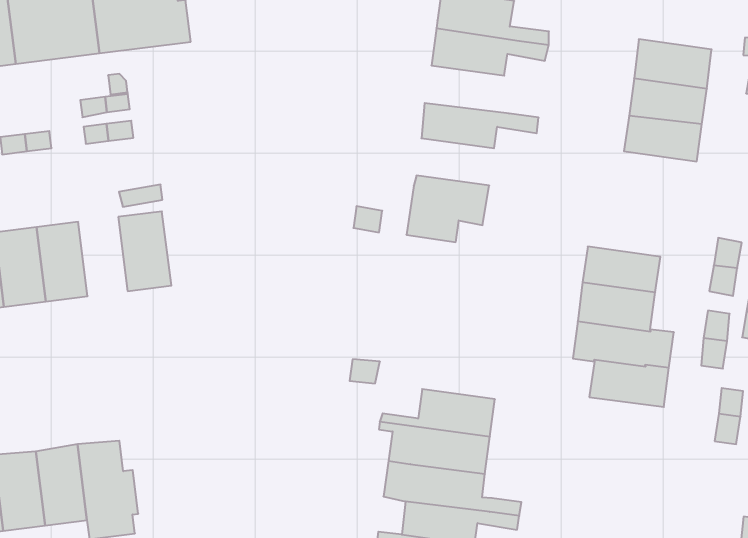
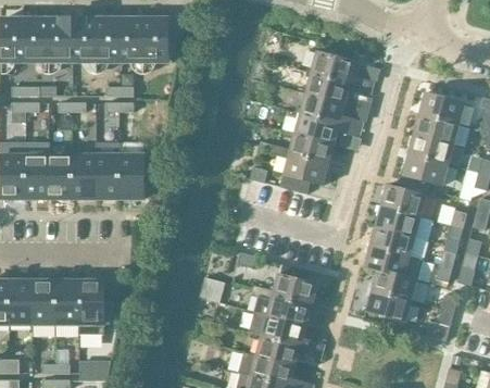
building: none -> [299,92,364,129]
building: none -> [267,133,335,164]
building: none -> [402,154,448,187]
building: none -> [96,143,118,198]
building: none -> [380,185,426,216]
building: none -> [365,290,412,323]

